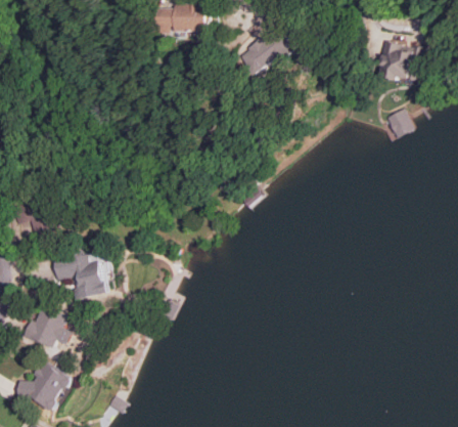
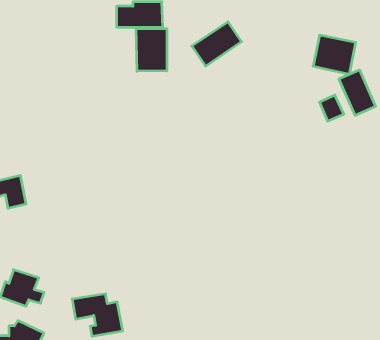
building: none -> [136,29,167,71]
building: none -> [339,70,376,115]
building: [51,252,108,300] -> [72,294,123,336]

